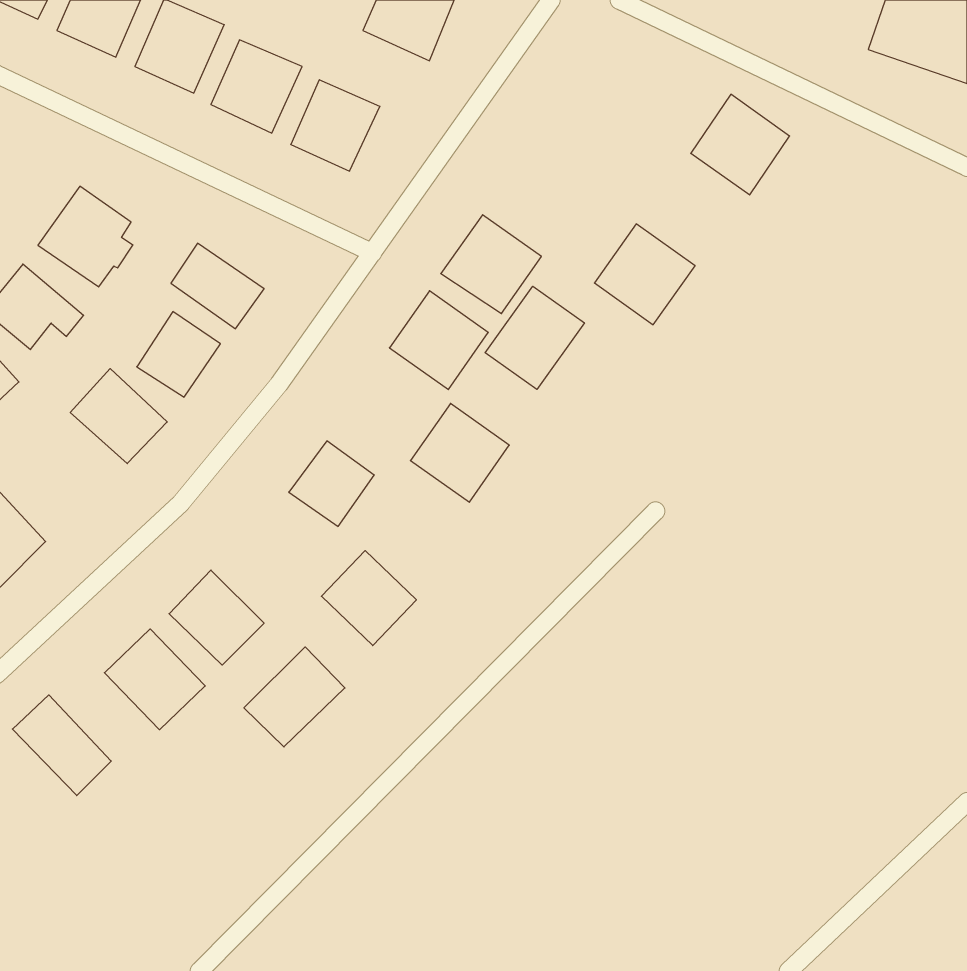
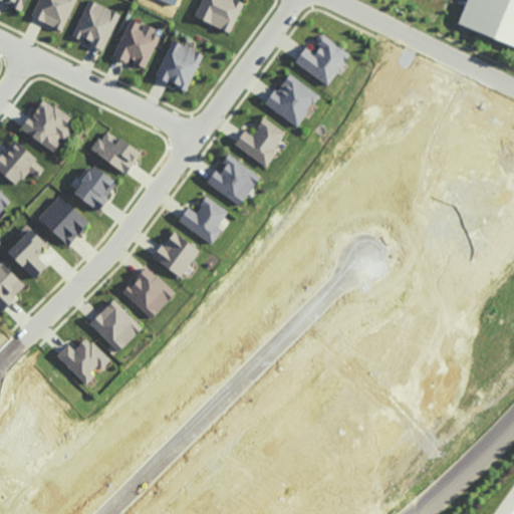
building: [691,94,790,195] -> [294,32,346,85]
building: [594,224,695,325] -> [265,74,318,127]
building: [485,286,584,389] -> none
building: [410,403,509,502] -> [178,191,230,243]
building: none -> [6,228,47,279]
building: [321,551,416,646] -> [121,268,172,318]
building: [244,647,345,747] -> none
building: [12,695,111,796] -> none

